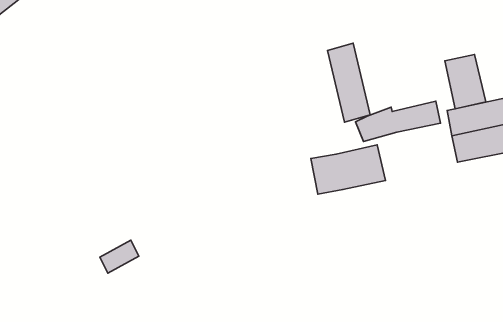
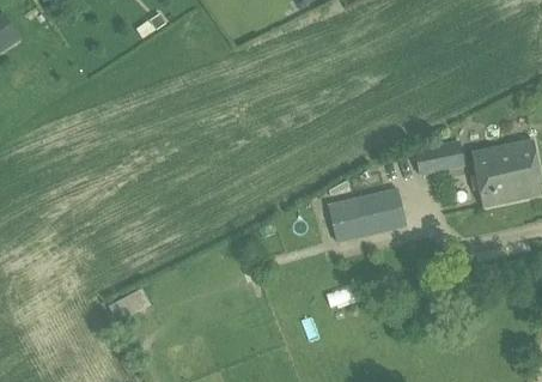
building: [328,43,370,122] -> none
building: [445,54,486,109] -> none

